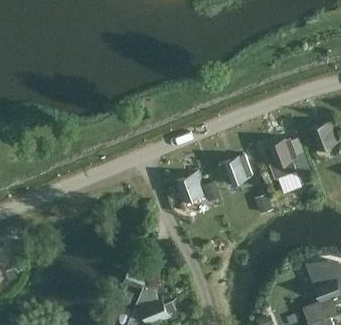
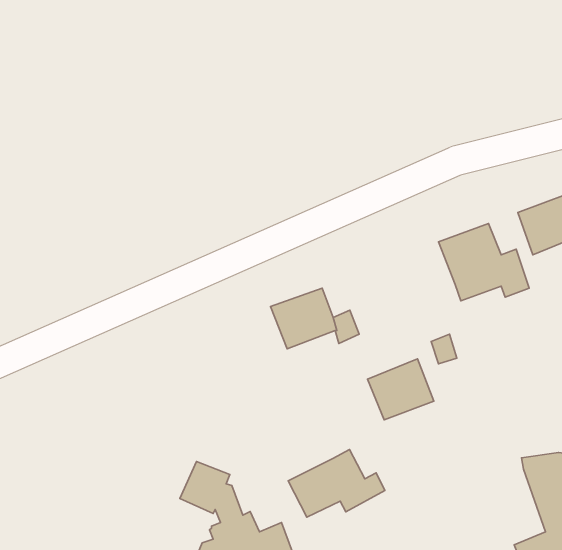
building: [220,152,256,185] -> [368,359,434,420]
building: none -> [288,449,385,517]

